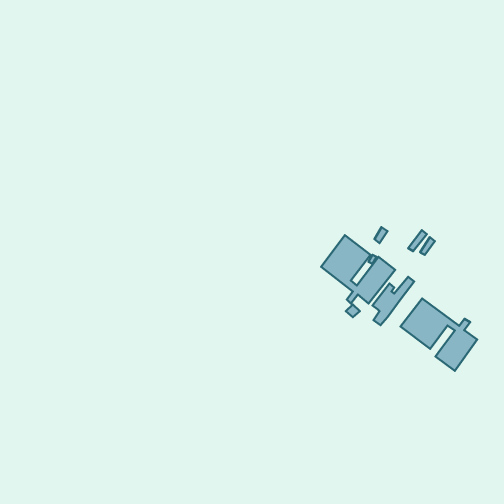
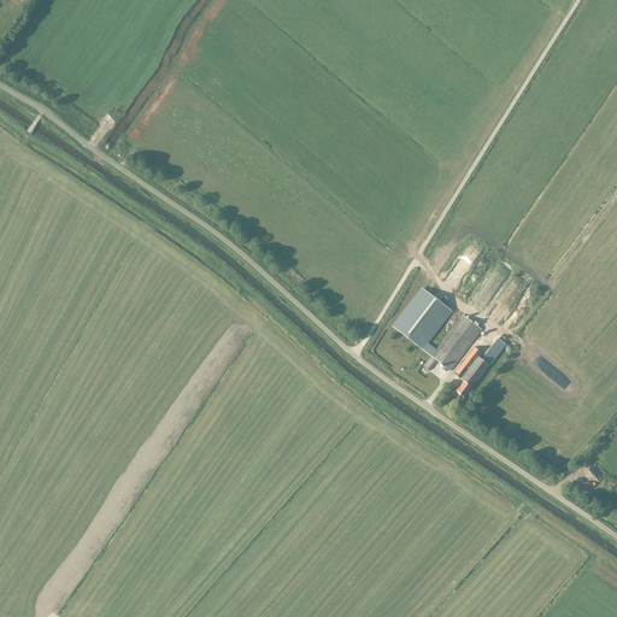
building: [401,299,477,371] -> none

